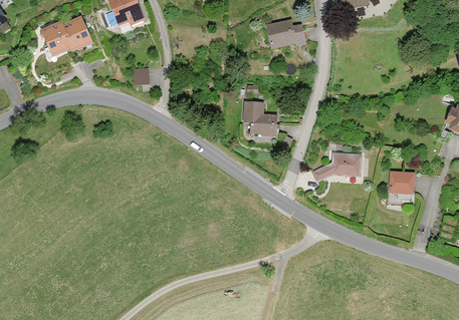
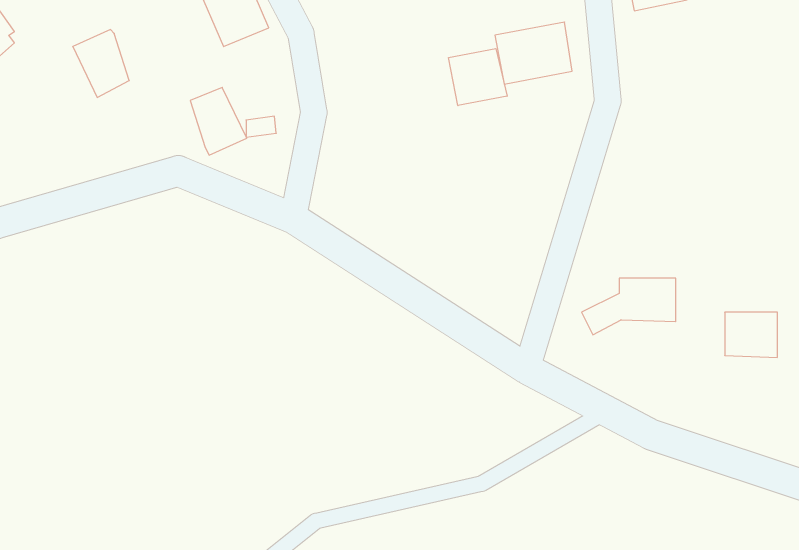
building: [62,15,92,51] -> [190,87,247,155]
building: none -> [449,49,507,106]
building: [243,100,278,135] -> none

